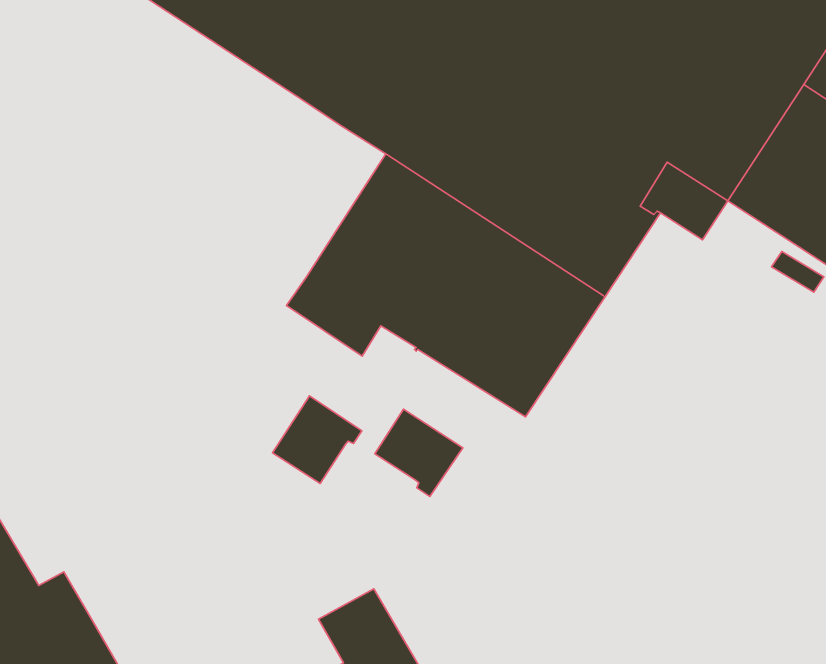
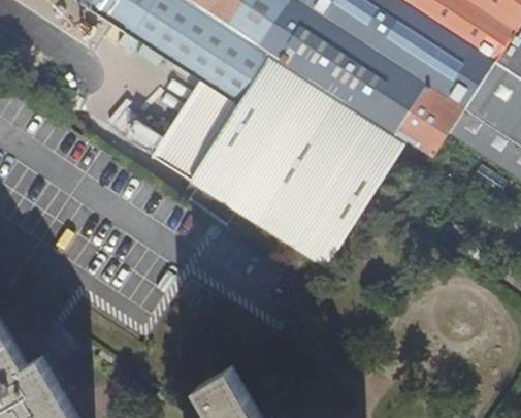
building: none -> [161,85,238,178]
building: [273,396,362,483] -> none
building: [375,409,463,497] -> none

